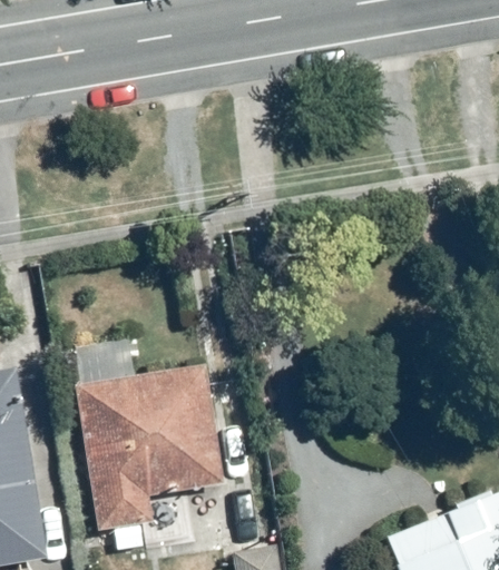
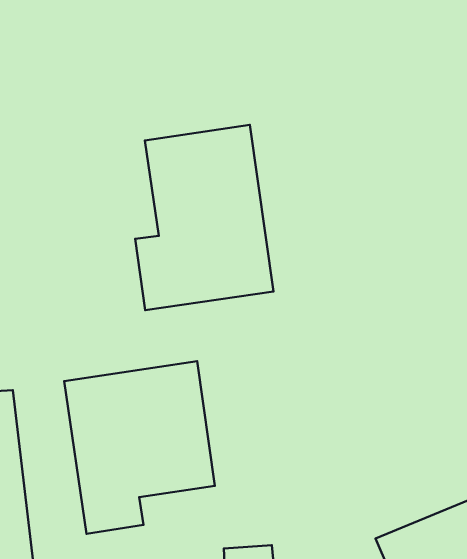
building: none -> [135,125,274,310]

